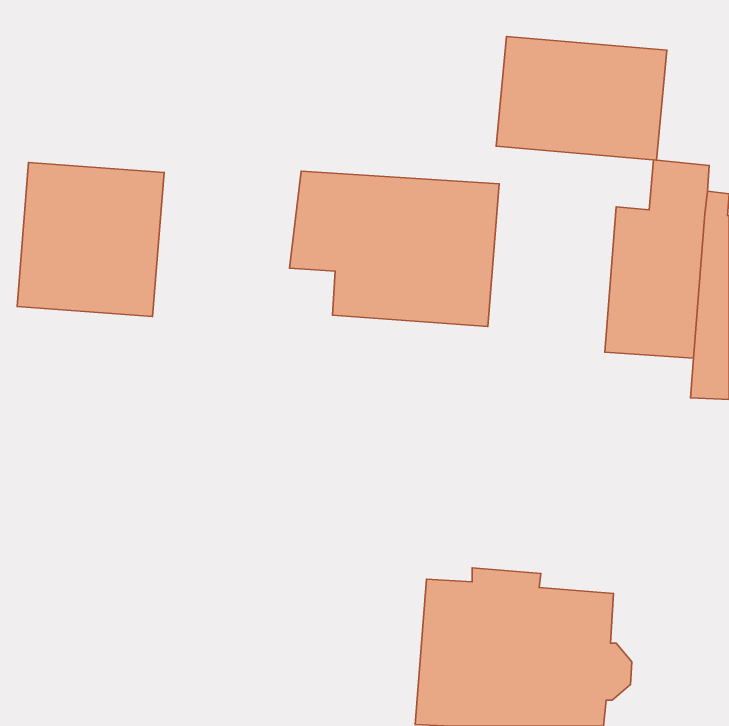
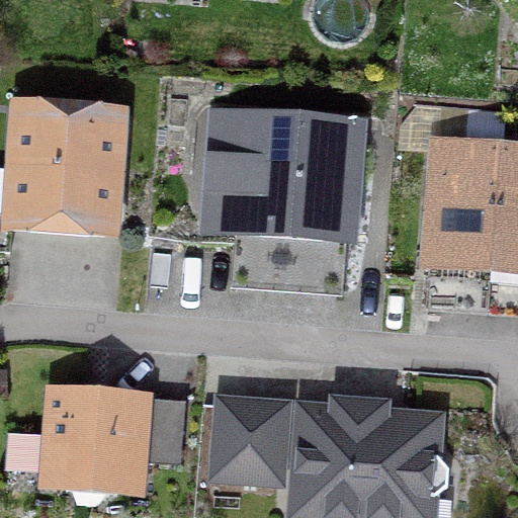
building: [496,37,667,160] -> none
building: none -> [45,391,182,484]
building: none -> [217,404,282,480]

